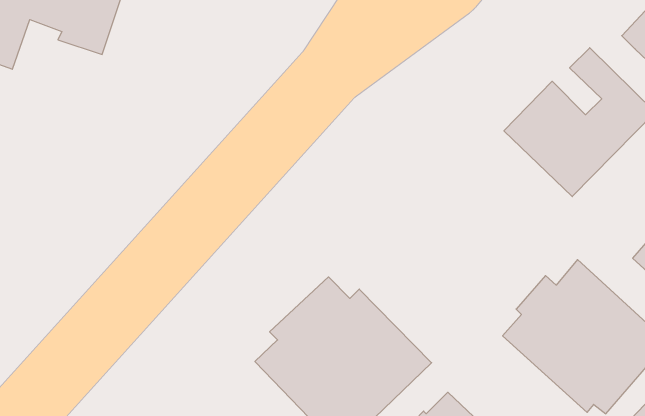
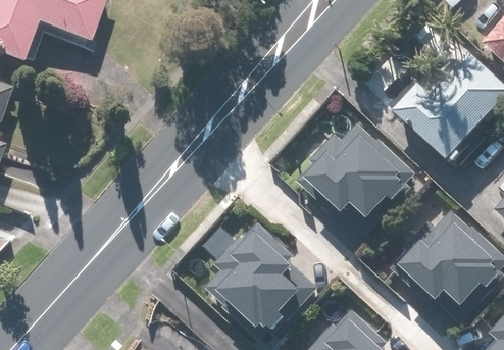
building: none -> [298,120,427,240]

